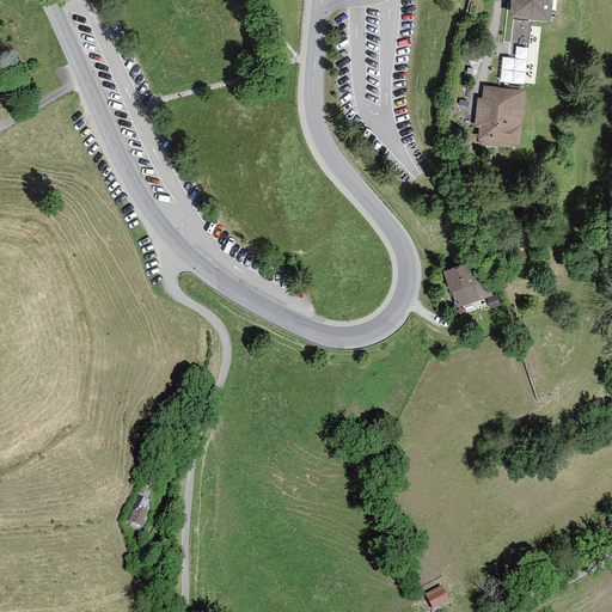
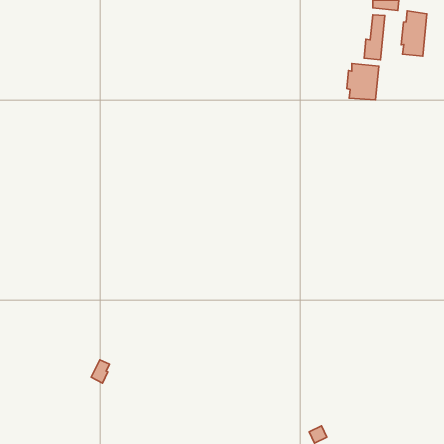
building: none -> [401,11,427,56]
building: [446,265,479,306] -> none

